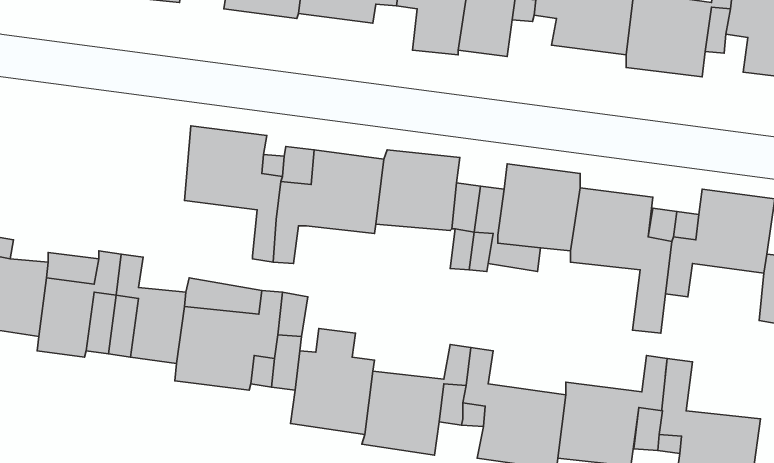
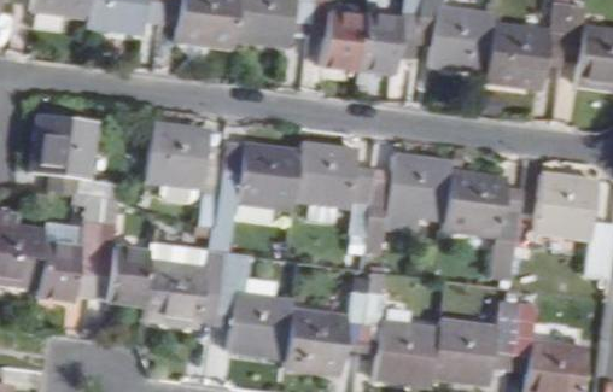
building: none -> [33,115,112,198]

